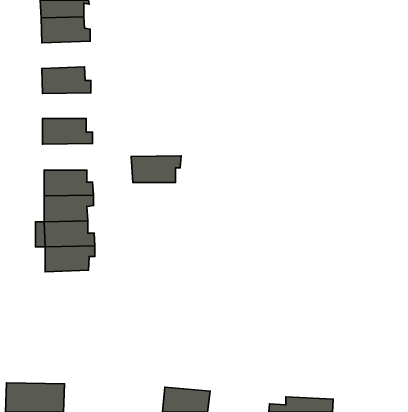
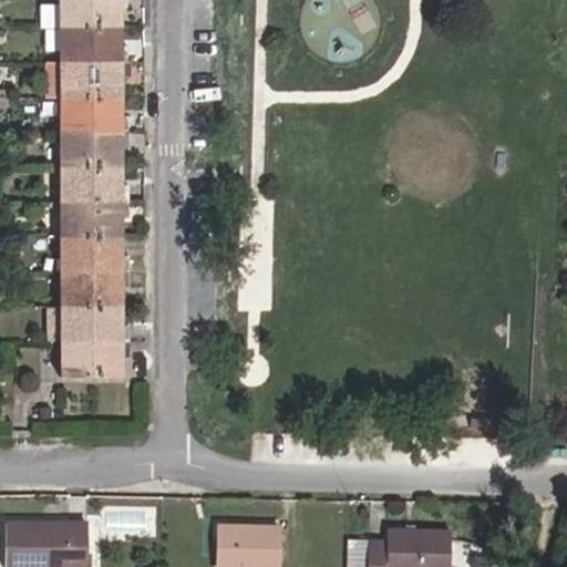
building: none -> [58,56,124,94]
building: none -> [59,127,125,163]
building: [131,156,181,182] -> [59,197,127,234]

